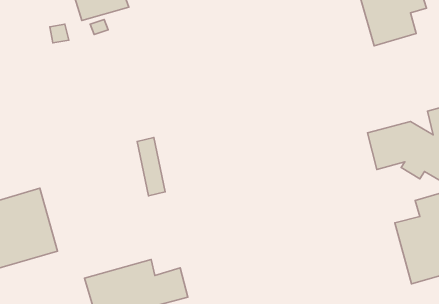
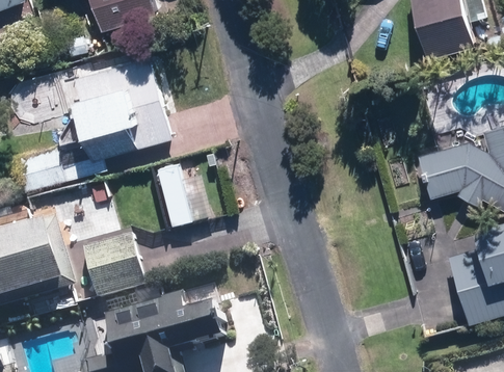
building: none -> [25,56,171,189]
building: none -> [83,235,144,297]

